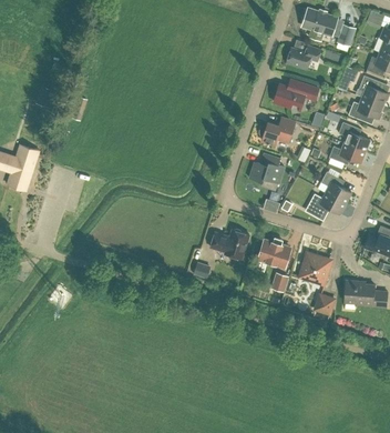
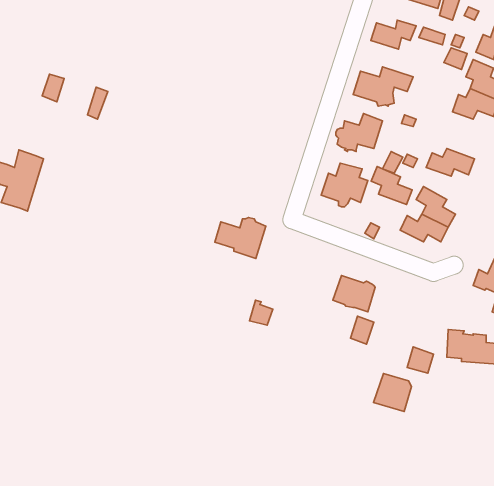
building: [339,121,370,150] -> [371,167,412,205]
building: [211,228,249,259] -> [215,218,266,258]
building: [300,253,329,282] -> [373,373,411,411]

